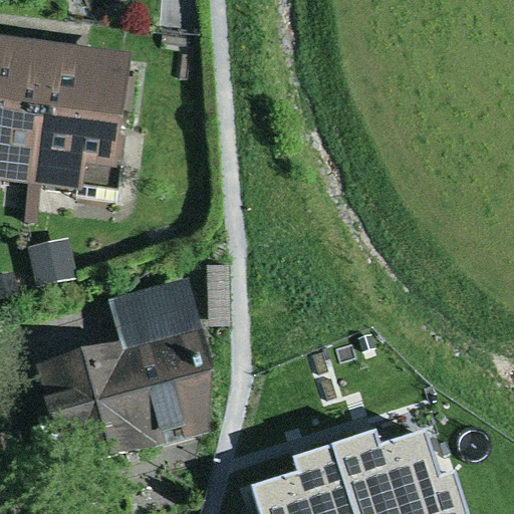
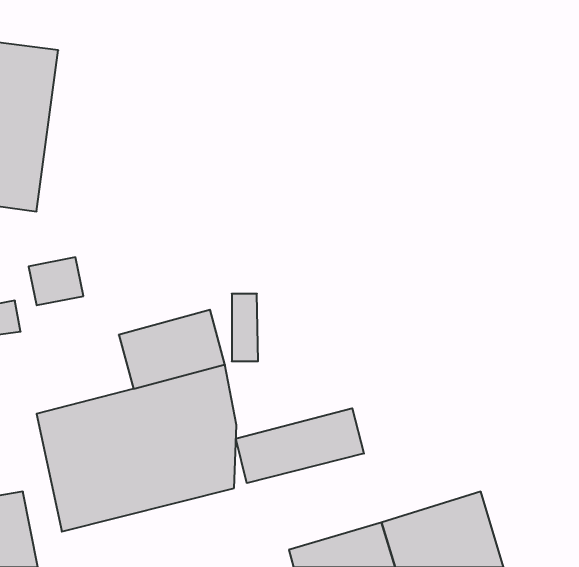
building: [32,44,130,192] -> none
building: none -> [236,408,364,483]

